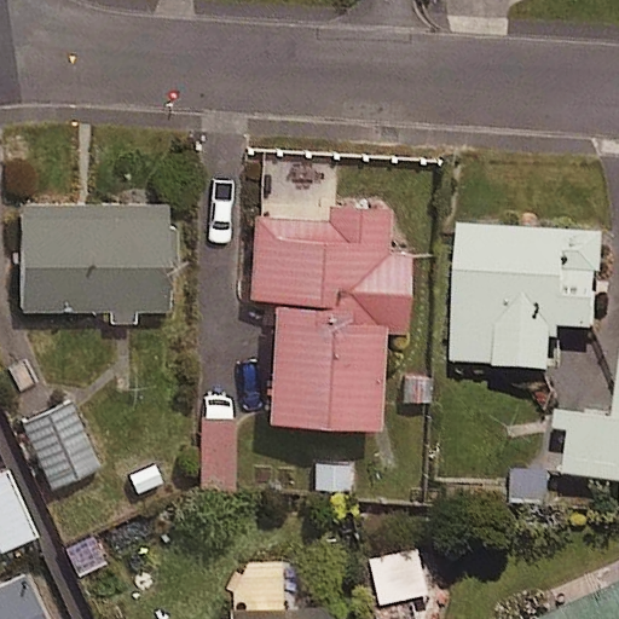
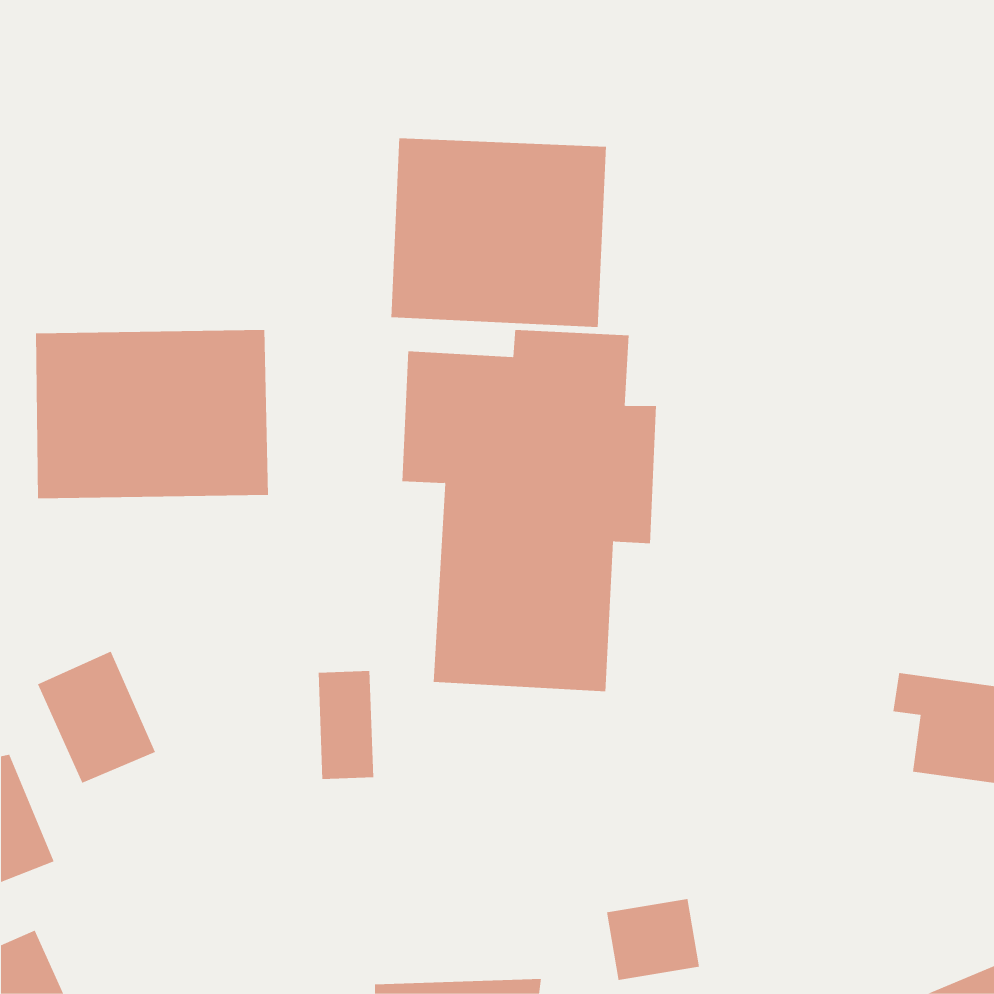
building: none -> [391,137,606,328]
building: [457,233,604,377] -> none

